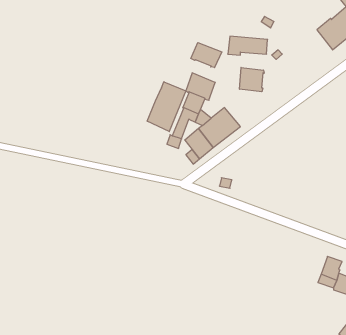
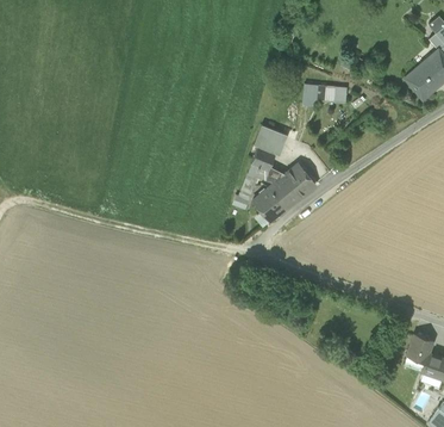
building: [191,43,222,68] -> none
building: [240,67,264,92] -> none
building: [147,82,186,132] -> none

